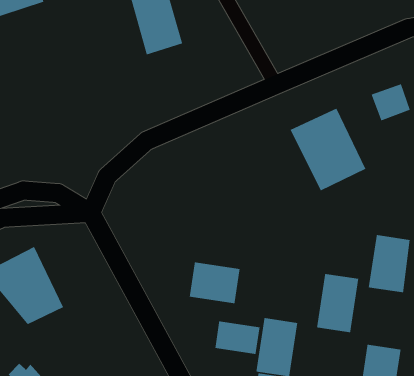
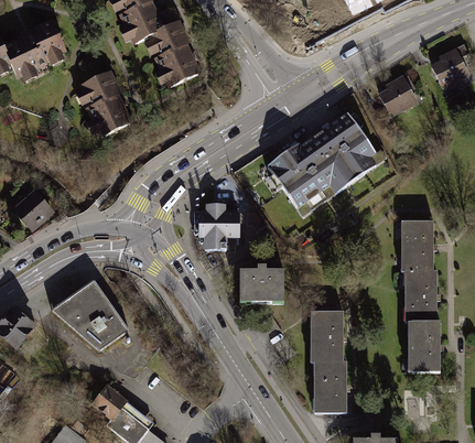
building: none -> [74,73,129,136]
building: none -> [265,137,345,219]
building: none -> [198,203,239,248]
building: [316,273,359,333] -> [404,269,436,320]
building: [214,320,261,355] -> none

